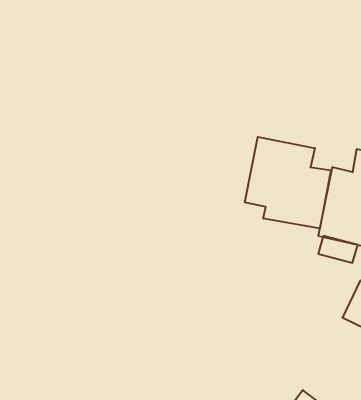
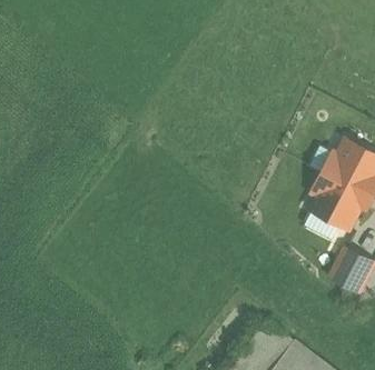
building: [245,137,331,228] -> none

